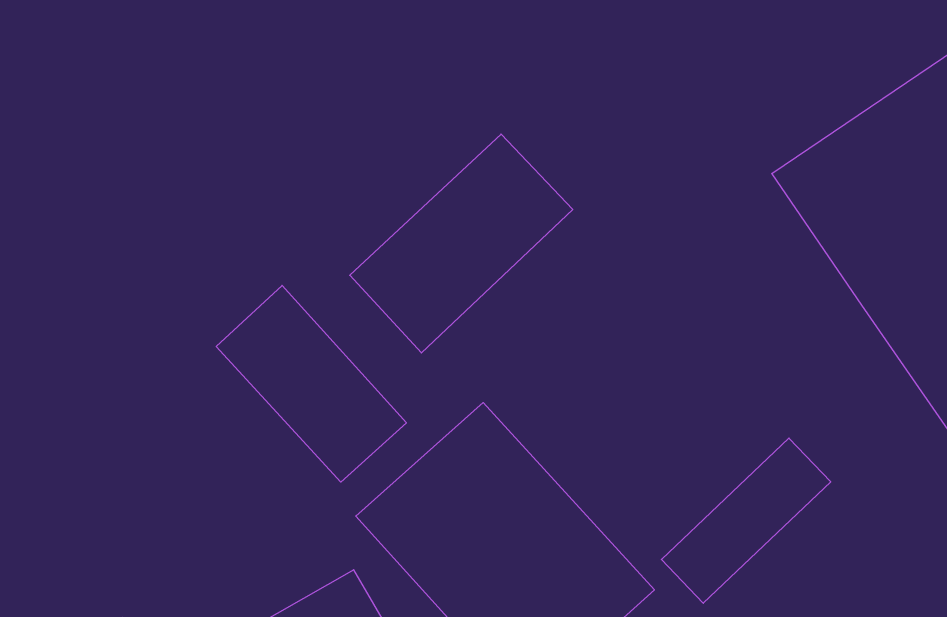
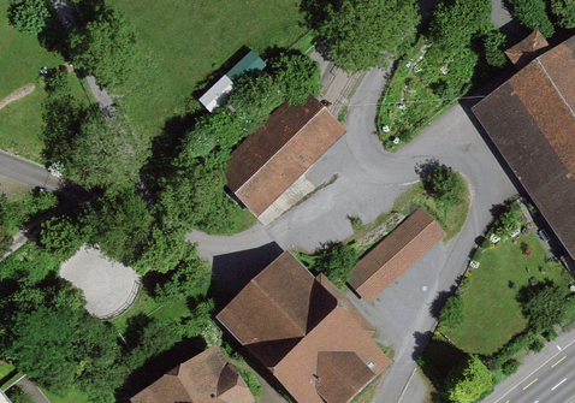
building: [216,285,406,482] -> none
building: [661,438,831,603] -> [346,200,449,300]

